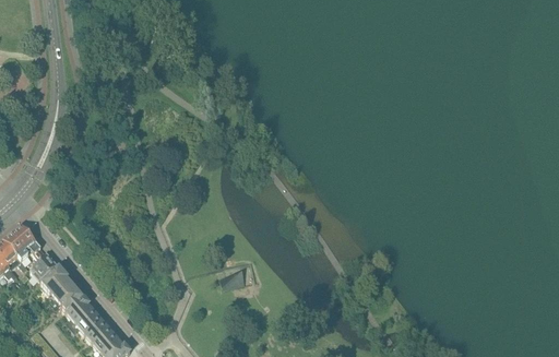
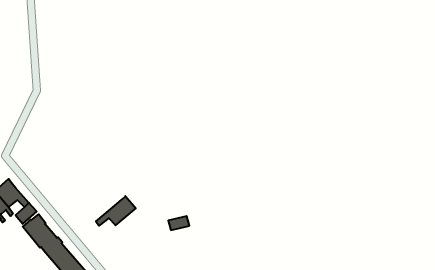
building: none -> [96,196,136,226]

